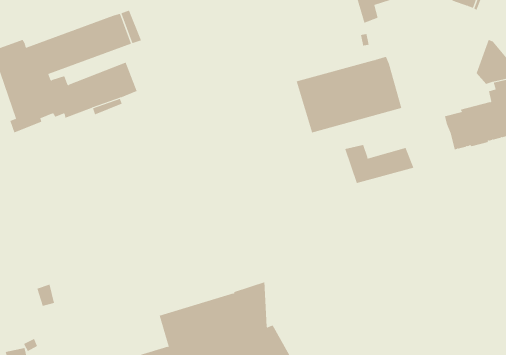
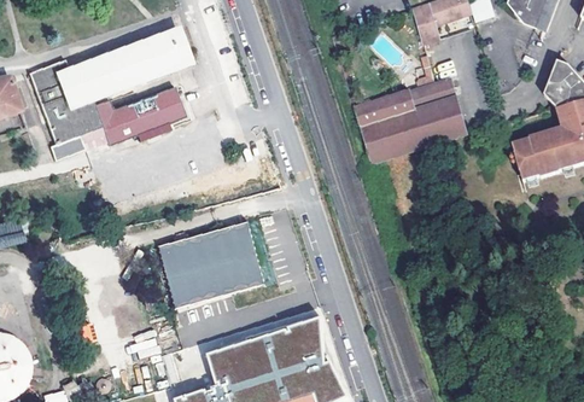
building: [345,144,414,184] -> none
building: none -> [158,223,263,305]

